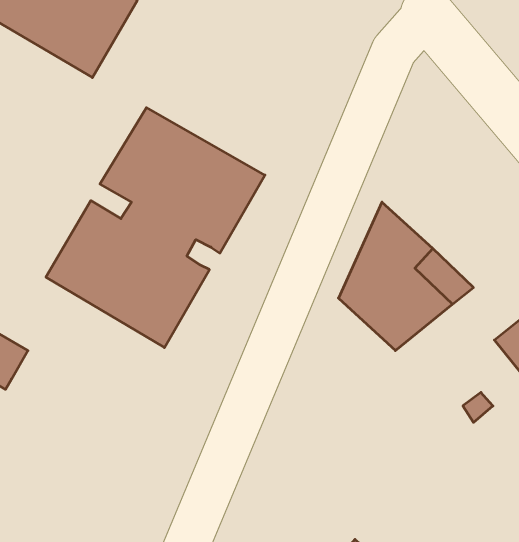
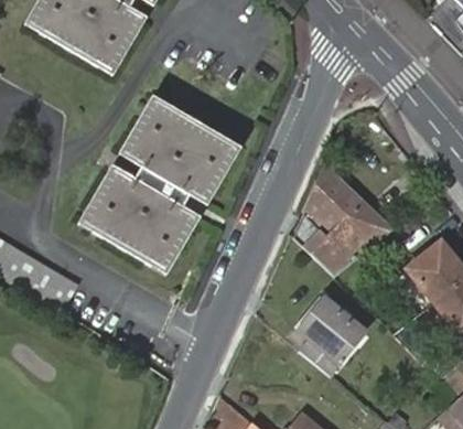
building: none -> [299,299,365,374]

